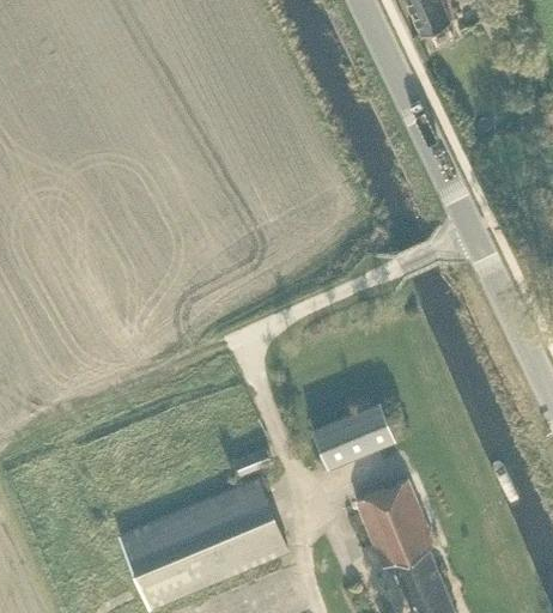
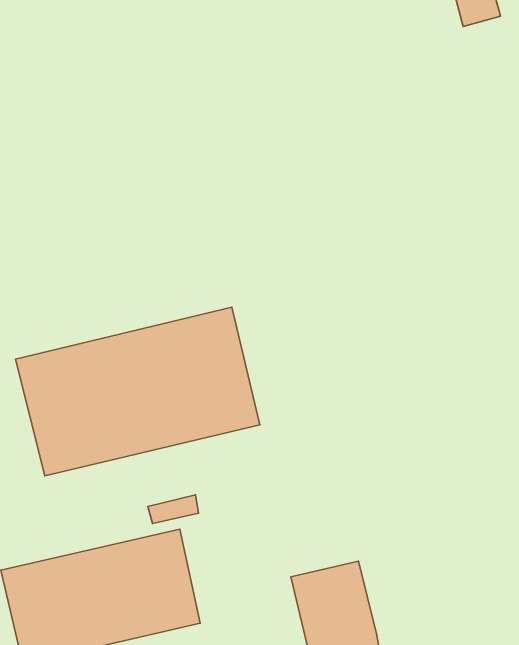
building: none -> [15,307,260,476]
building: [312,402,395,467] -> none

